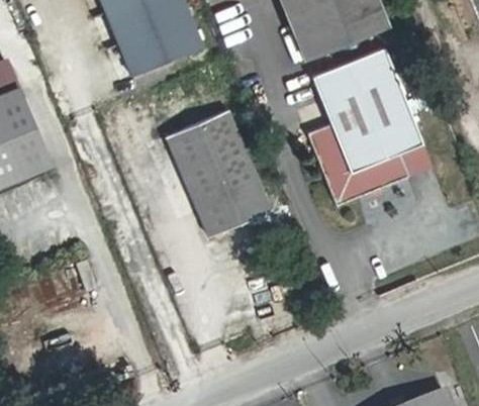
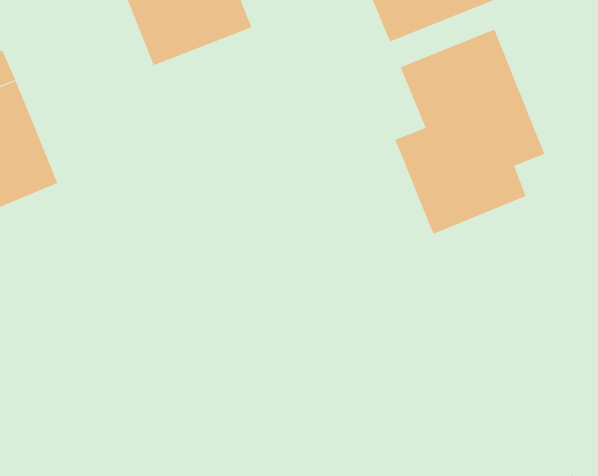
building: [169,113,273,239] -> none

